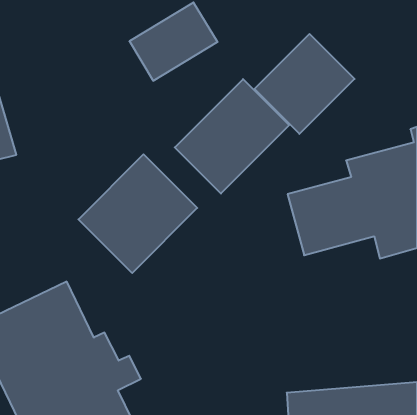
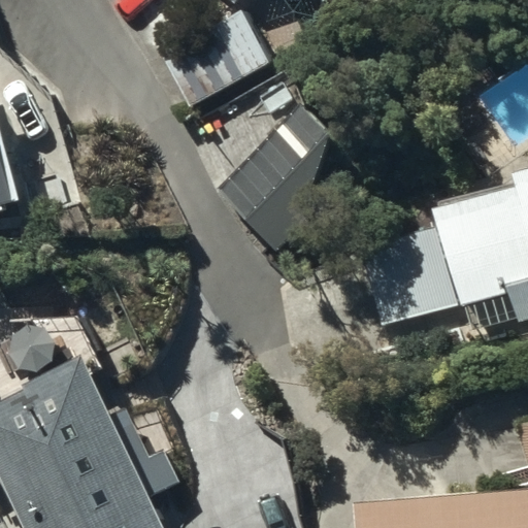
building: [255,34,355,134] -> none
building: [78,154,197,273] -> none

